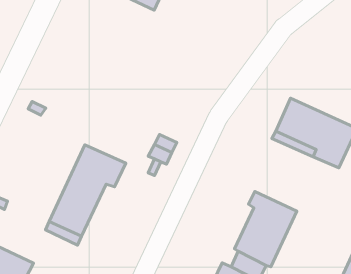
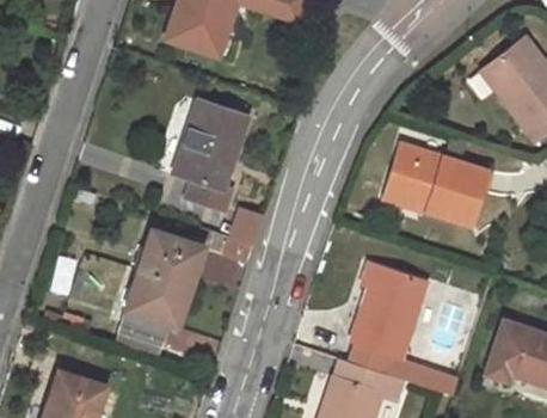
building: none -> [177,102,247,207]

